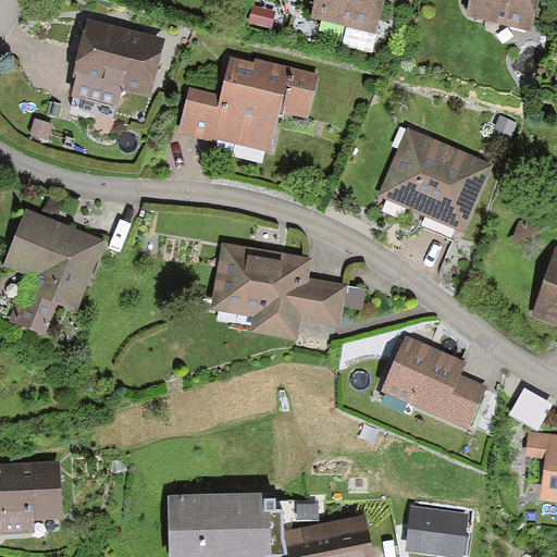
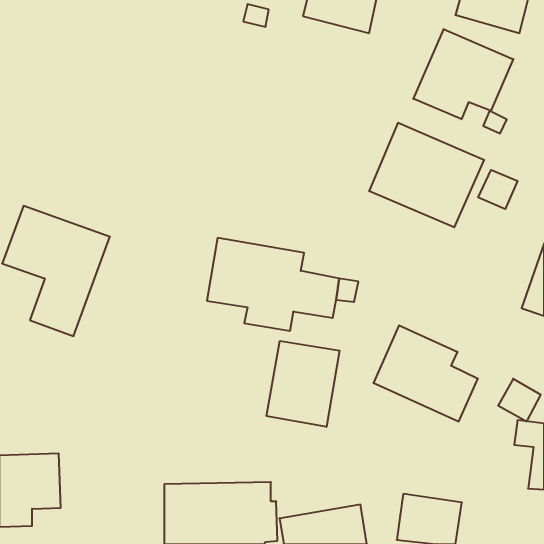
building: [70,17,164,109] -> none
building: none -> [413,29,513,119]
building: [181,59,315,151] -> none
building: none -> [478,170,517,209]
building: none -> [267,341,340,427]

